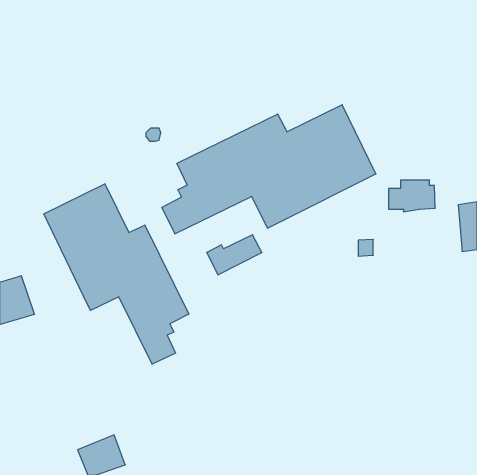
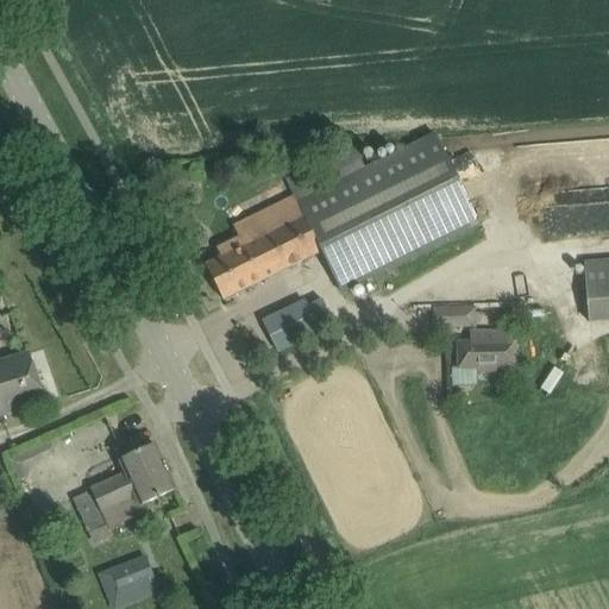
building: [389,180,435,212] -> [457,329,516,370]
building: [44,184,189,364] -> none
building: none -> [71,444,175,532]

